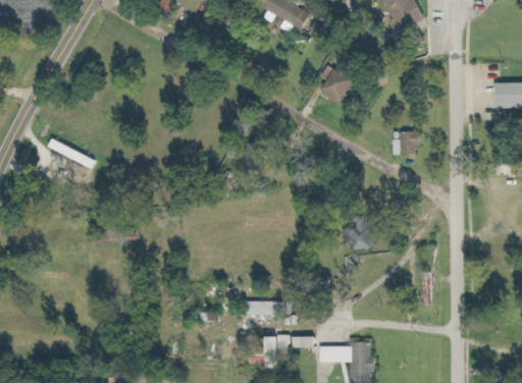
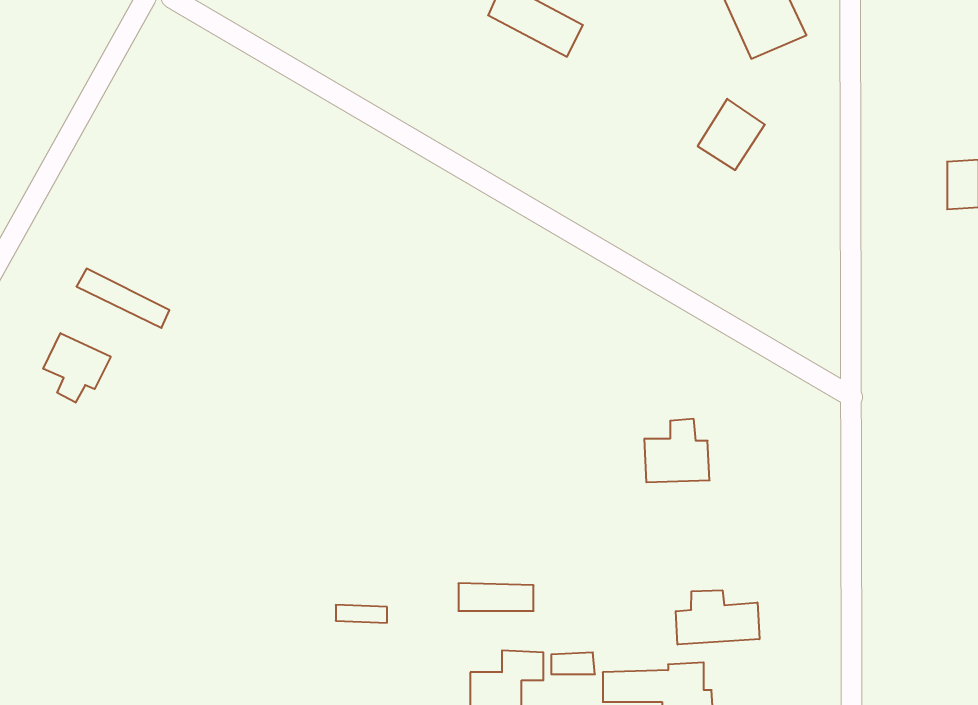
building: [320,68,355,105] -> [698,99,765,170]
building: [392,131,419,155] -> none
building: none -> [43,333,111,403]
building: none -> [676,590,759,645]

